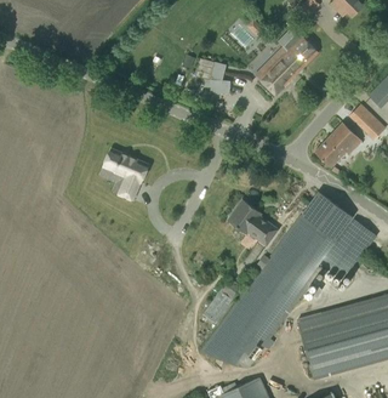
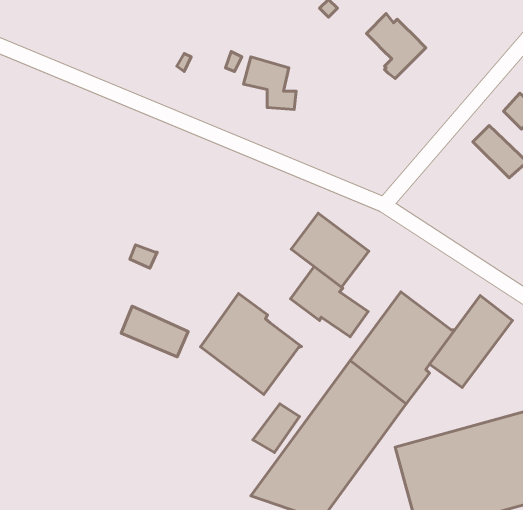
building: [261,49,297,96] -> none
building: [314,123,361,167] -> none
building: [103,148,148,182] -> [121,306,188,357]
building: [301,192,353,241] -> [291,213,369,287]
building: none -> [201,294,302,394]

